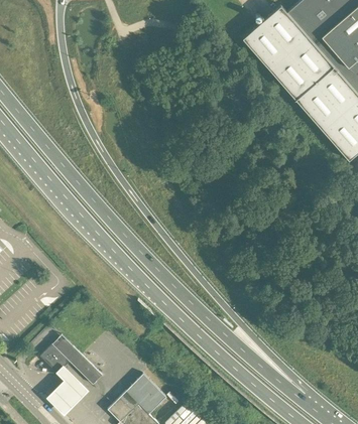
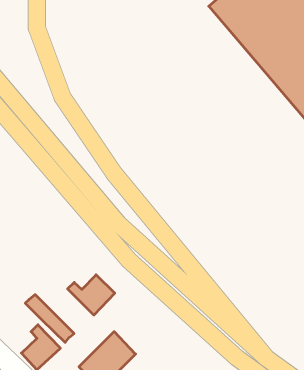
building: none -> [68,275,115,315]
building: [40,343,70,373] -> none

